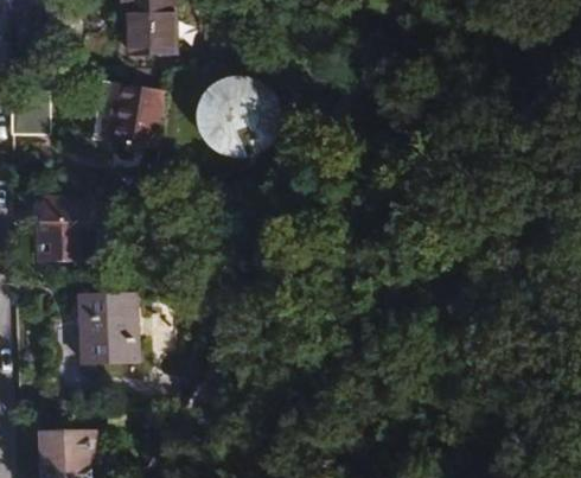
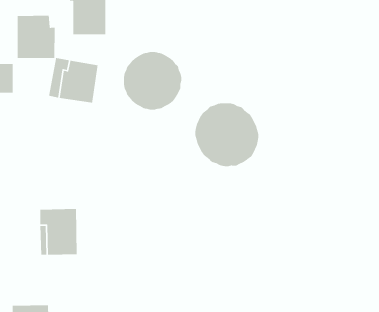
building: none -> [17,15,55,59]
building: none -> [195,102,259,167]
building: [40,196,89,261] -> none

